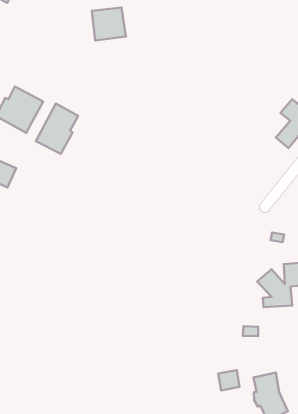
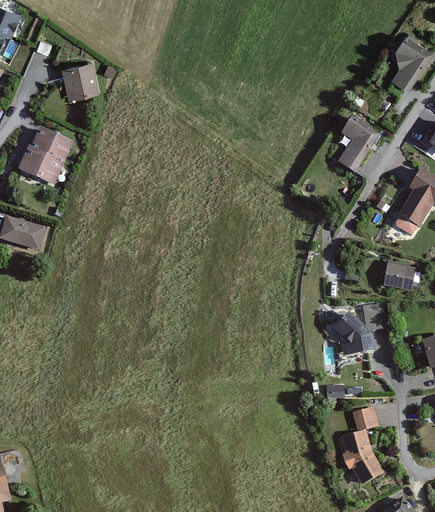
building: [92,7,126,40] -> [57,57,99,98]
building: [36,104,78,154] -> none
building: [218,370,240,390] -> [351,408,377,433]

